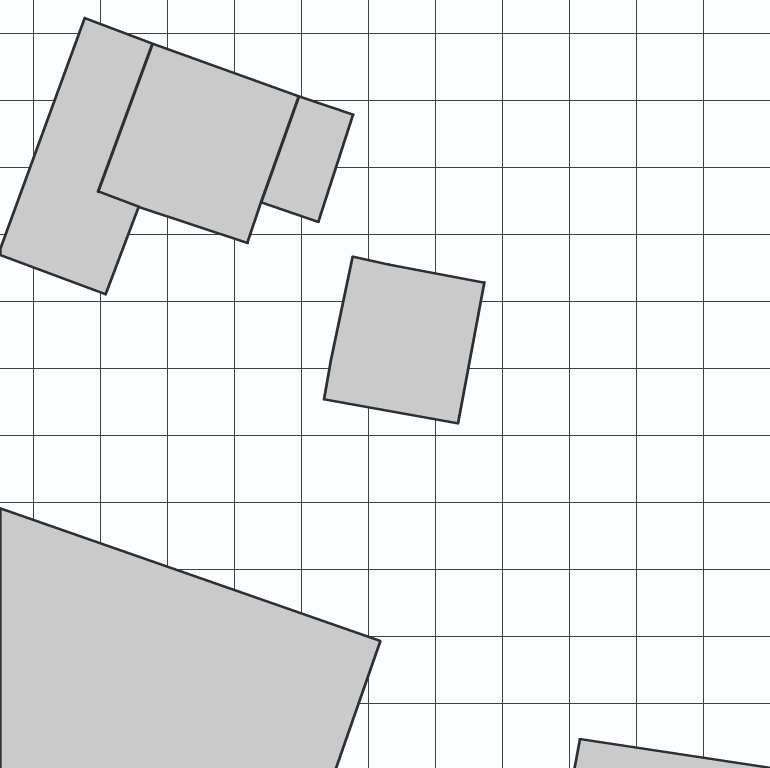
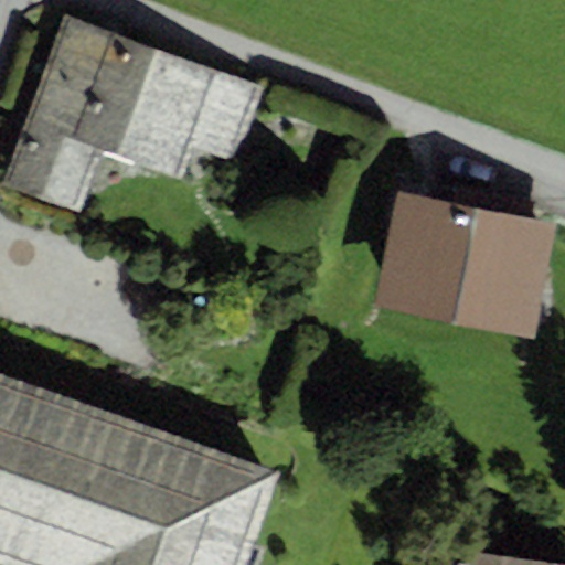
building: none -> [375,188,556,339]
building: [324,257,484,423] -> none

